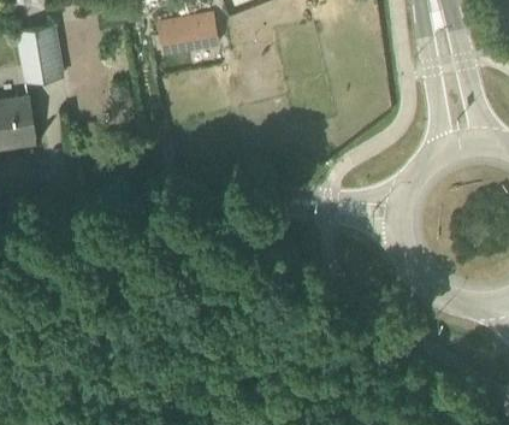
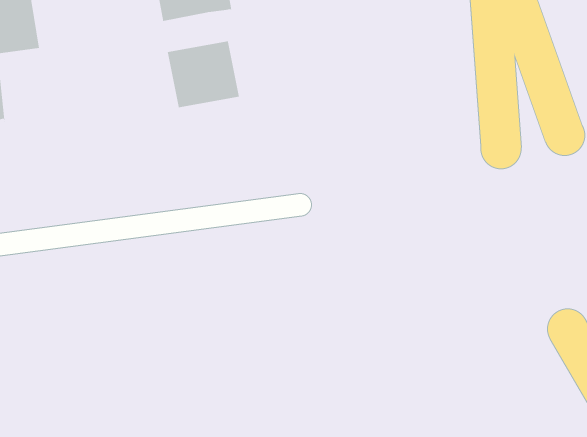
building: none -> [167,41,240,108]

